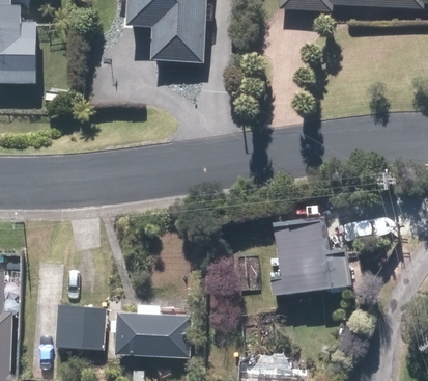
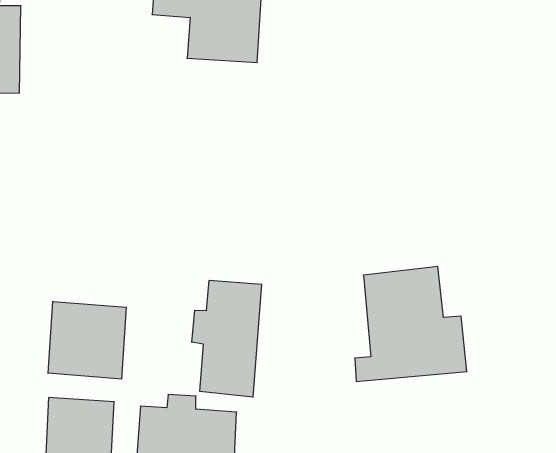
building: none -> [192,280,261,397]
building: none -> [48,301,126,379]

